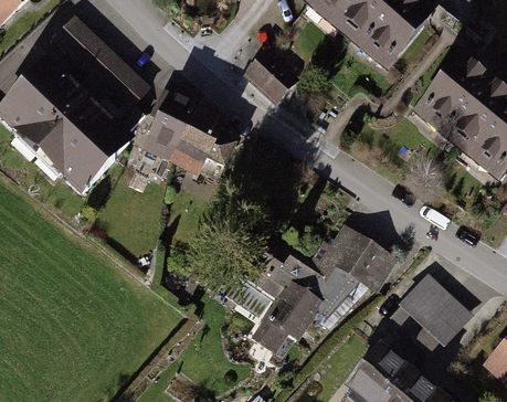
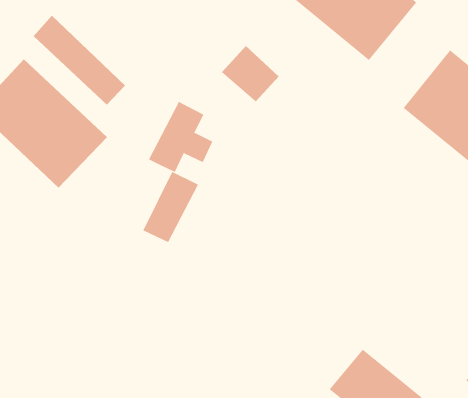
building: [144,91,199,161] -> [143,171,199,243]
building: [241,228,395,350] -> none
building: [383,282,462,360] -> none

